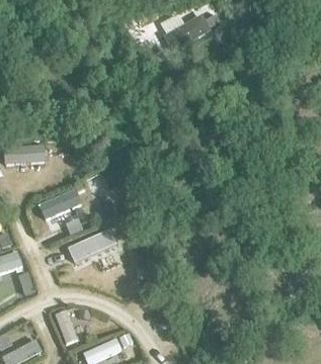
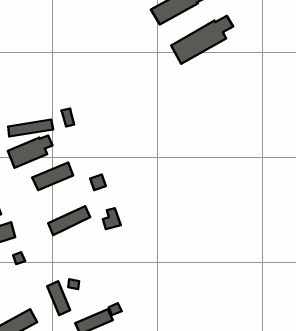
building: none -> [171,16,233,64]
building: none -> [8,136,52,168]

